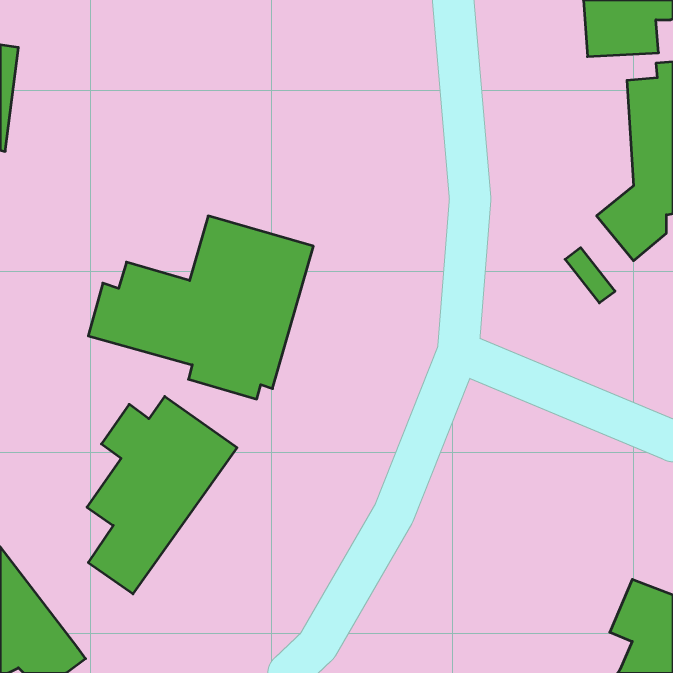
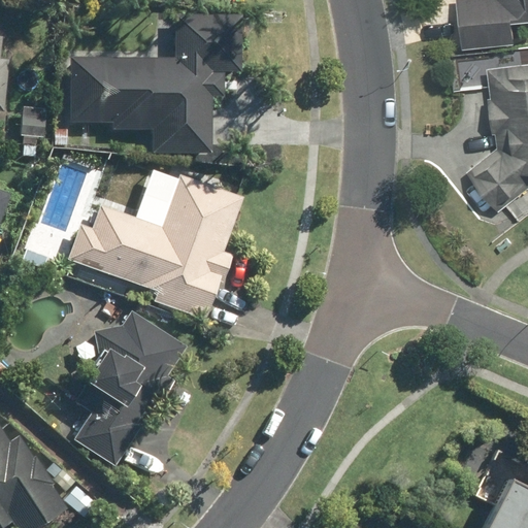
building: none -> [61,28,229,156]

